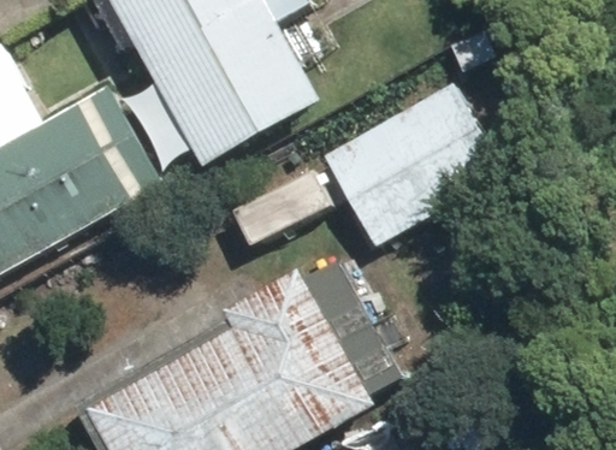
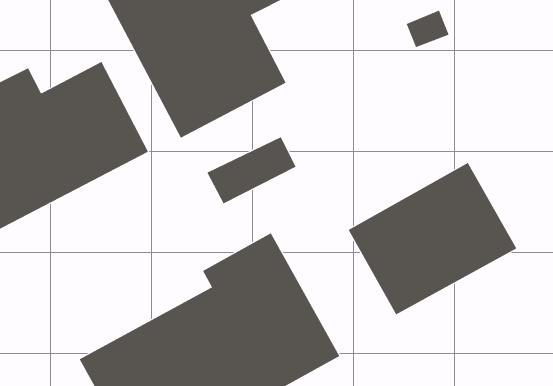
building: [318,77,504,245] -> [348,162,517,315]

